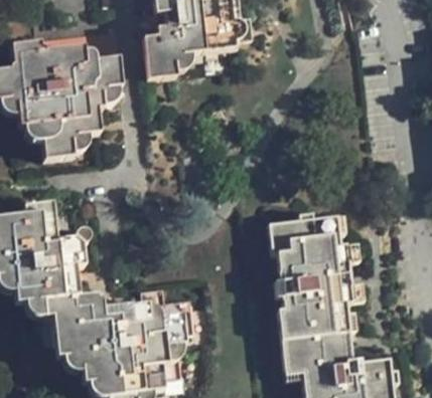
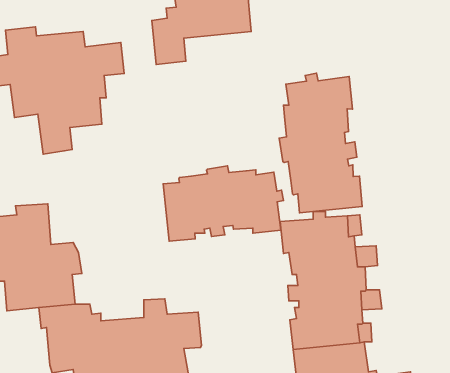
building: none -> [279,73,362,213]
building: none -> [163,166,284,241]

